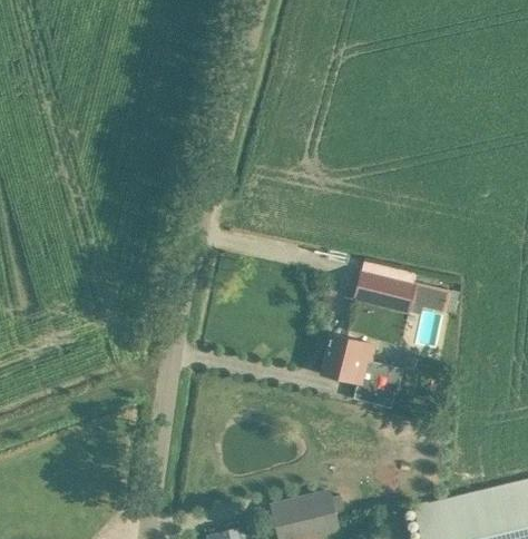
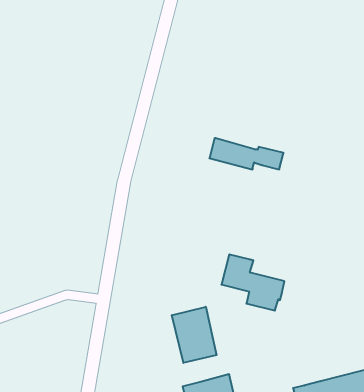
building: [354,272,450,312] -> [209,138,284,169]
building: none -> [172,307,217,363]

